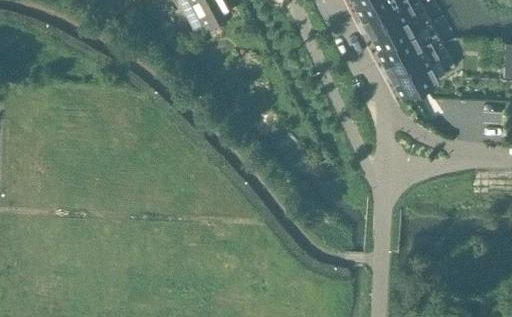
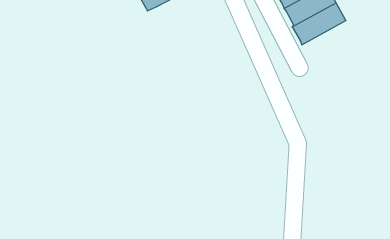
building: [388,44,455,97] -> none

